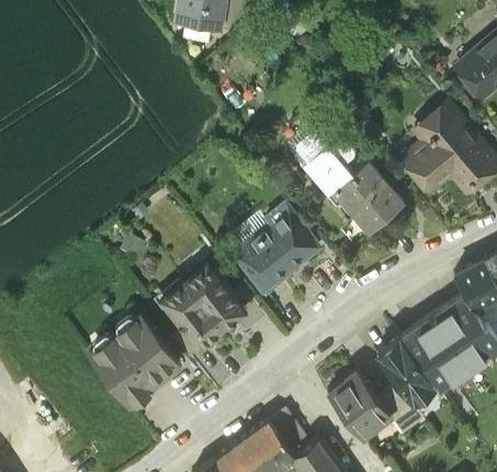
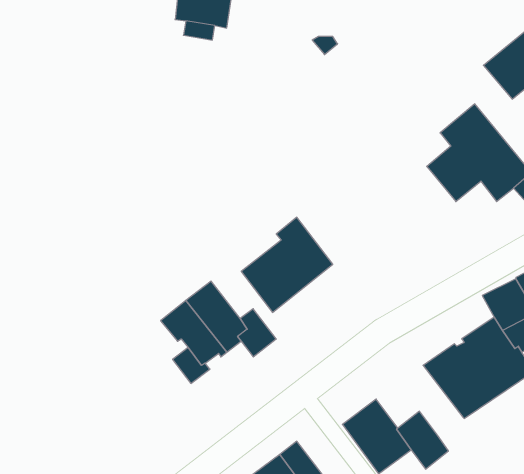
building: [287,119,403,232] -> none
building: [90,315,178,403] -> none
building: [375,339,436,405] -> none

